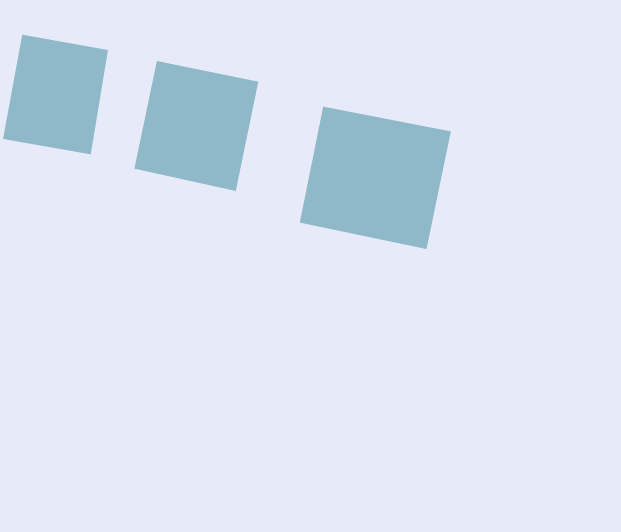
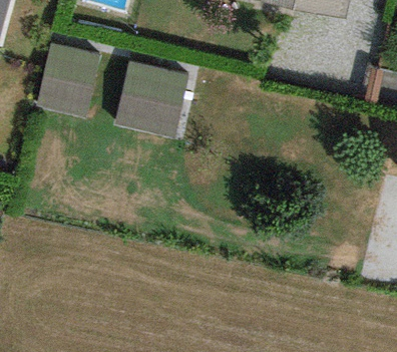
building: [299,106,451,250] -> none

